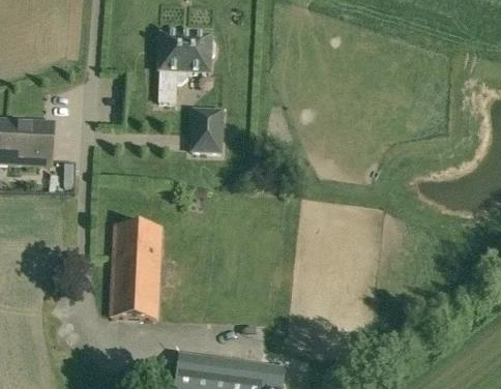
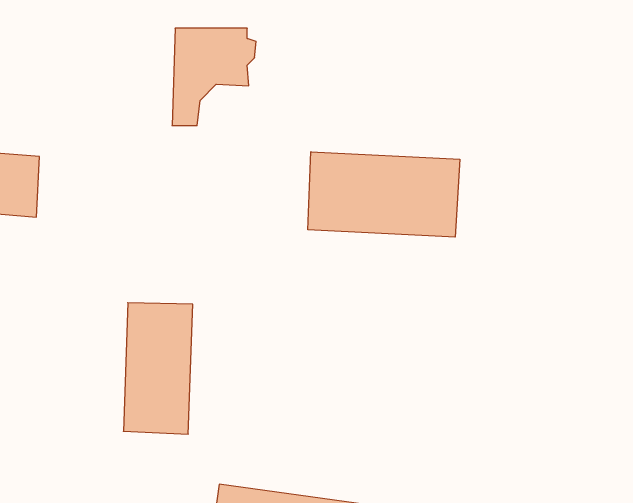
building: [191,109,223,151] -> none
building: none -> [308,152,460,237]

